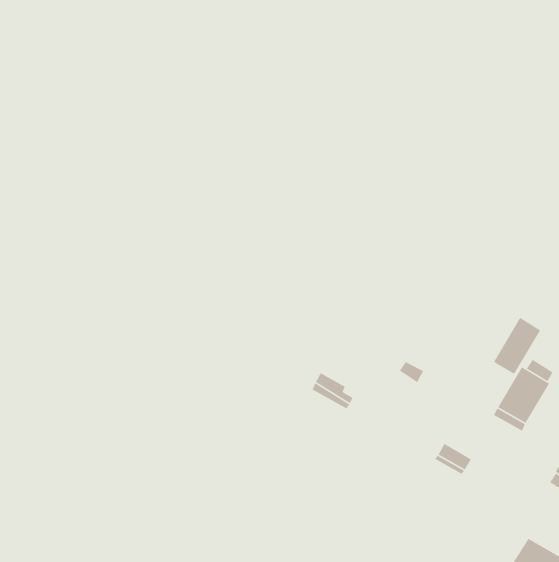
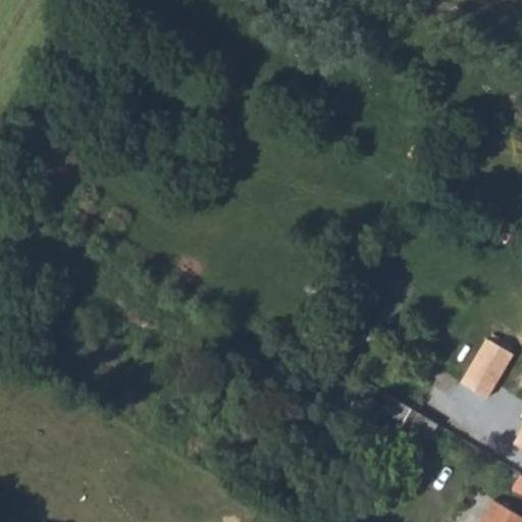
building: [493,317,541,375] -> none

